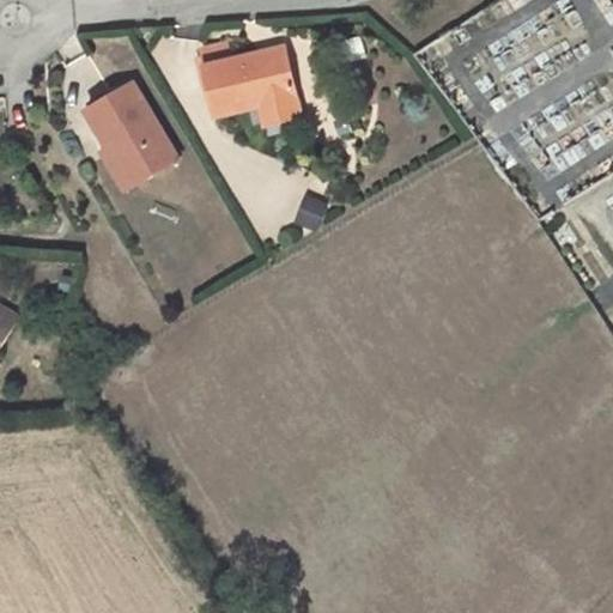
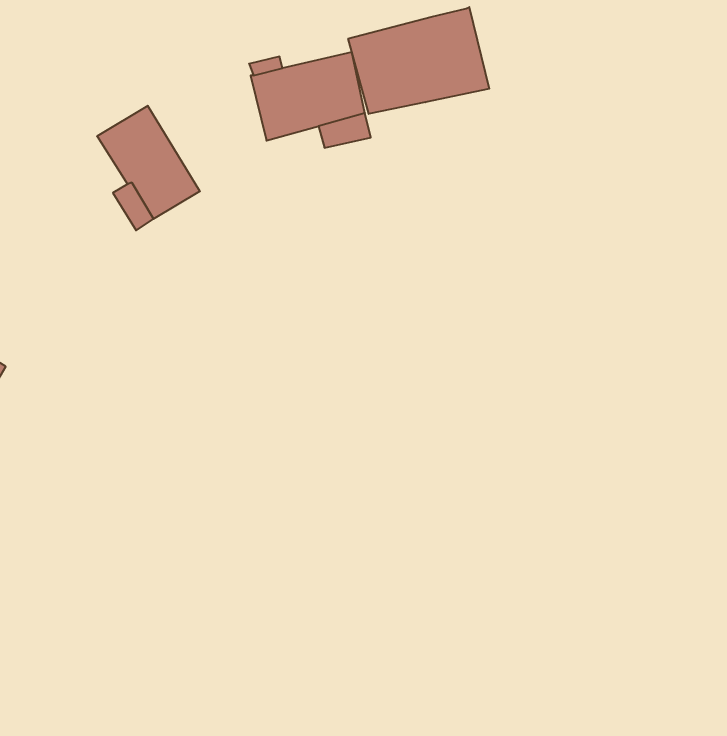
building: none -> [348,7,489,114]

